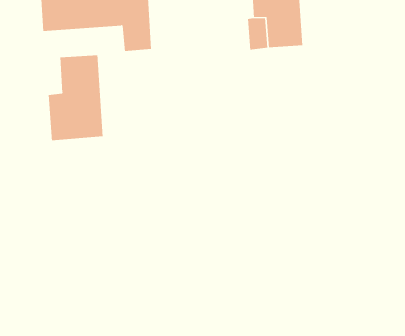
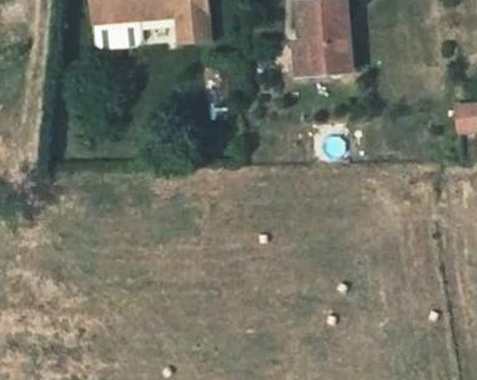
building: [48,54,103,141] -> none

